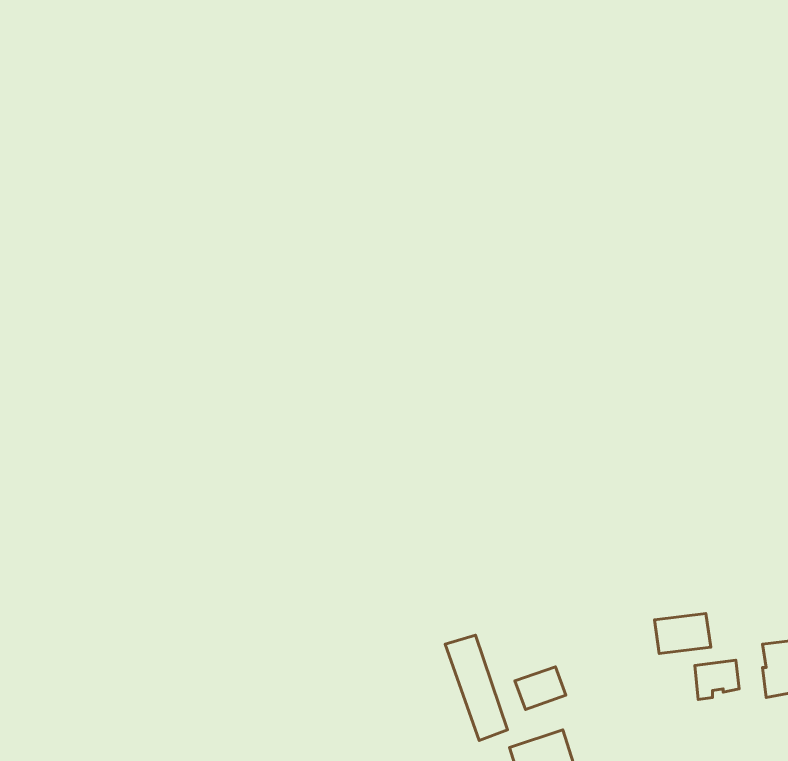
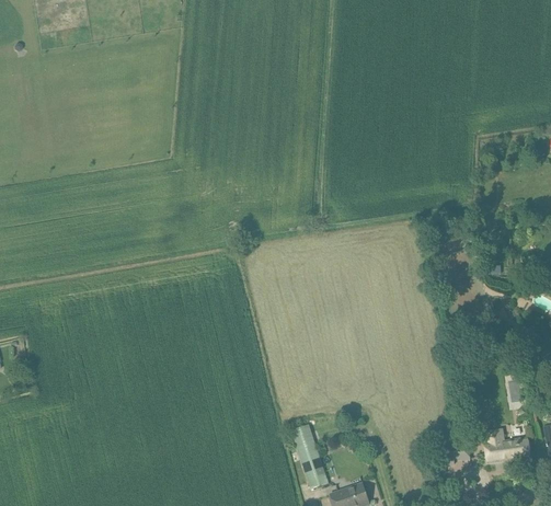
building: [654,613,711,654] -> none
building: [515,667,566,710] -> none

